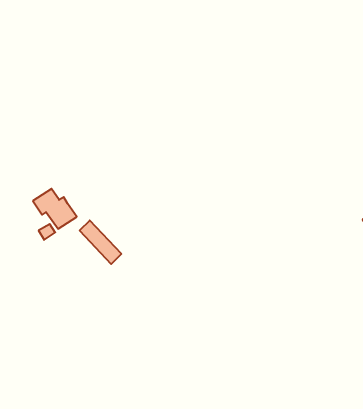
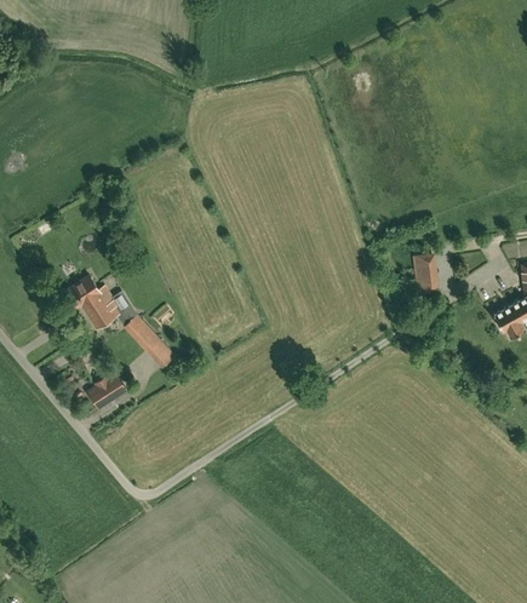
building: none -> [412,253,441,294]
building: none -> [88,373,126,408]

